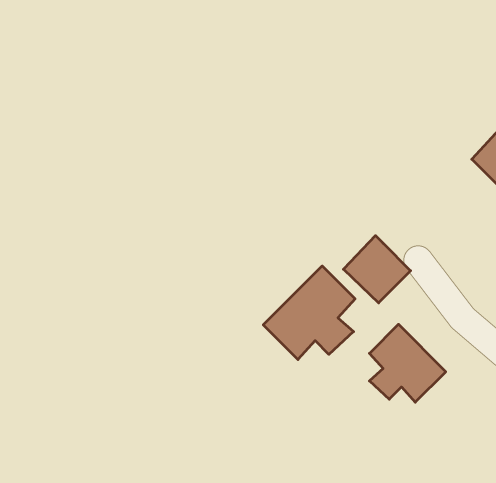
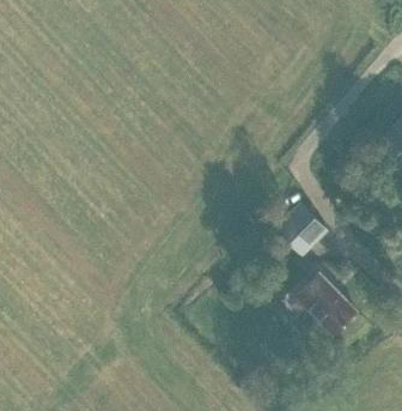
building: [263,266,355,360] -> none

